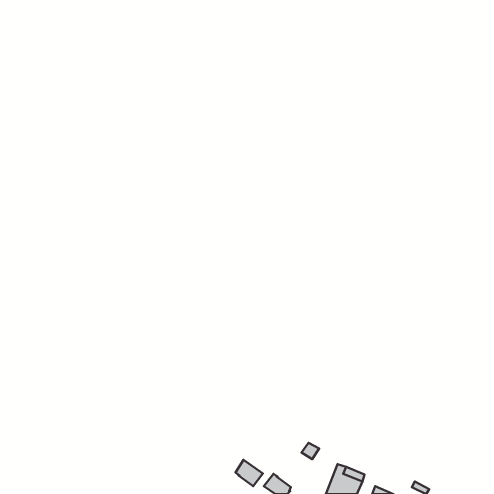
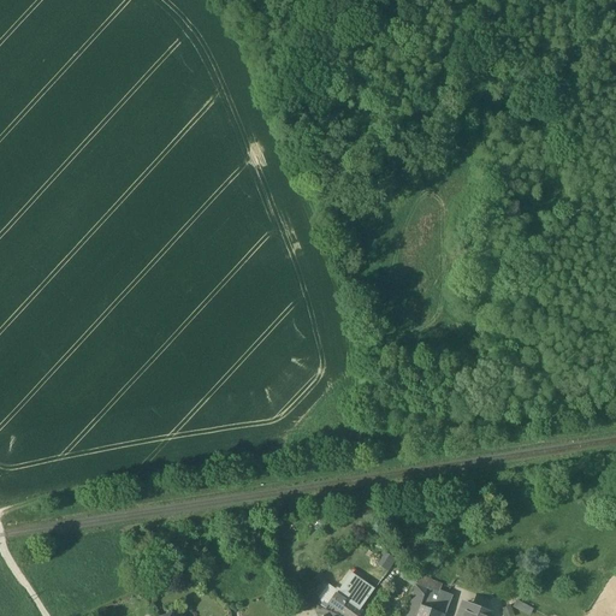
building: [236,460,263,486] -> [340,574,374,606]

